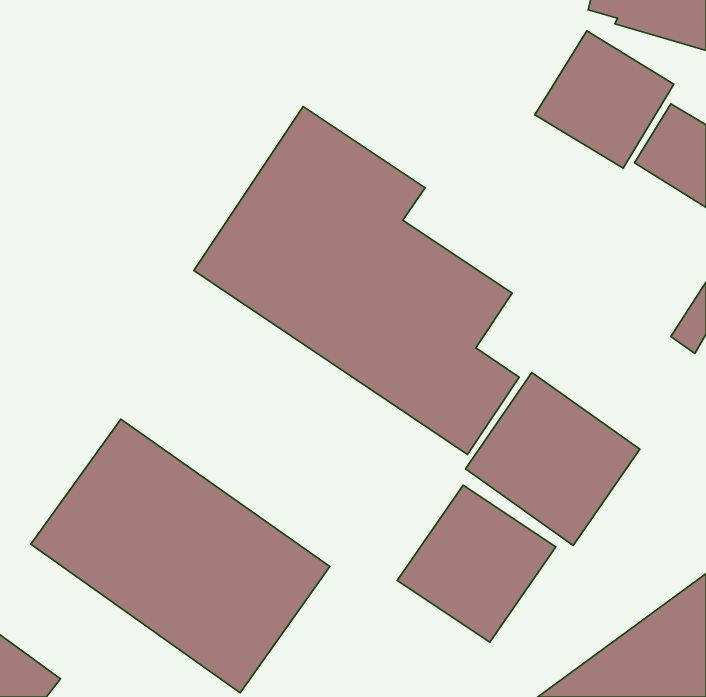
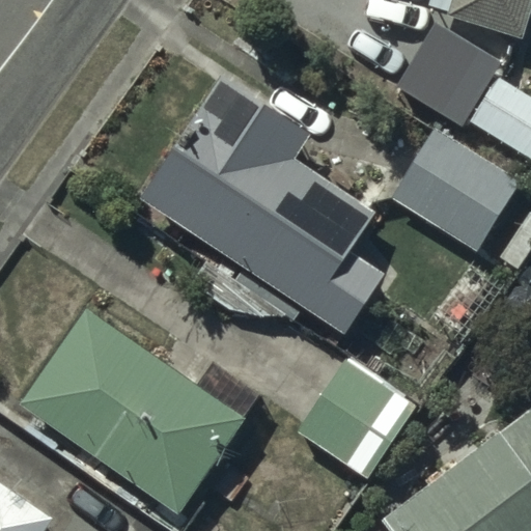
building: none -> [390,130,516,250]
building: [465,373,640,546] -> none

